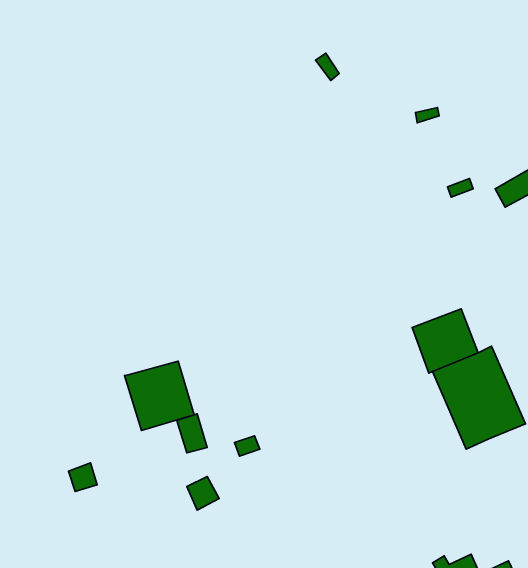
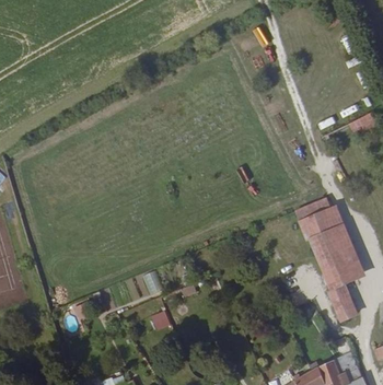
building: [124,361,194,431] -> none
building: none -> [327,287,358,324]

